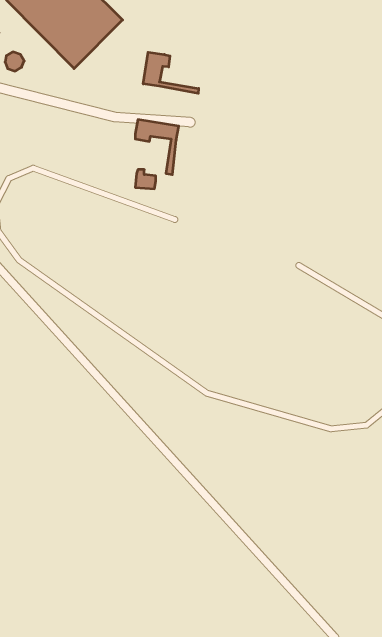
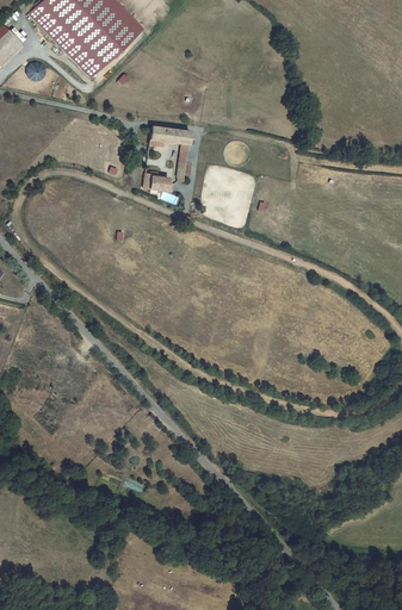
building: [143,52,199,93] -> none

